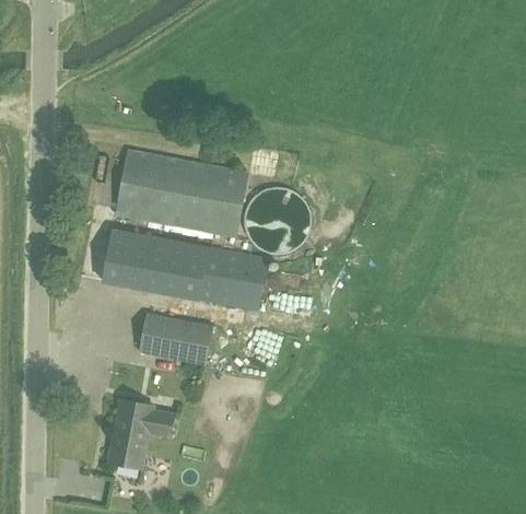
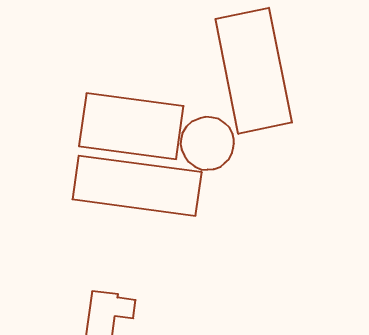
building: none -> [215,8,292,134]
building: [140,314,212,365] -> none

